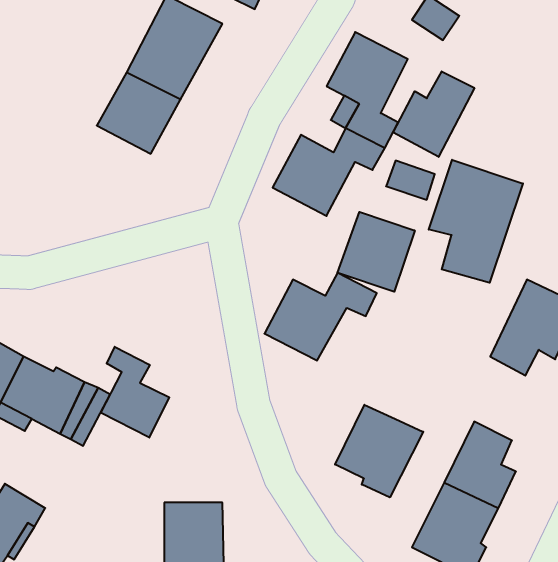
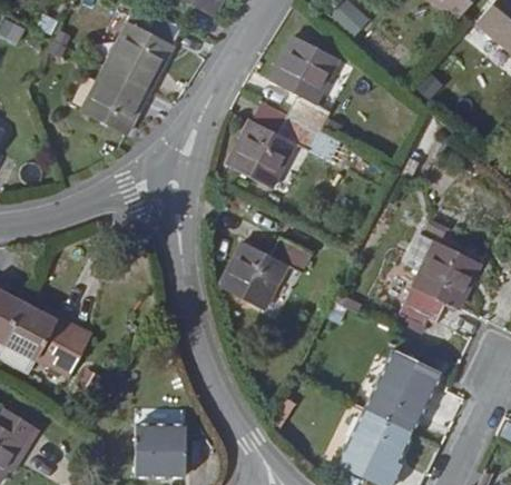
building: [393,71,474,157] -> none
building: [429,160,523,283] -> none
building: [338,212,415,292] -> none
building: [101,347,169,438] -> none
building: [335,405,423,497] -> none

